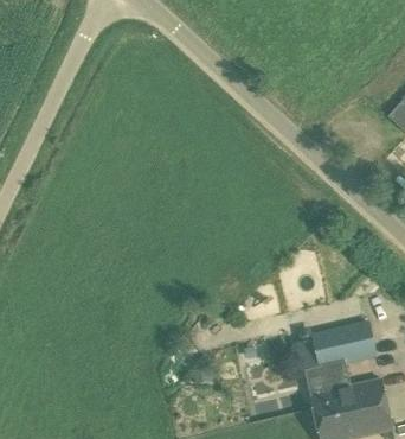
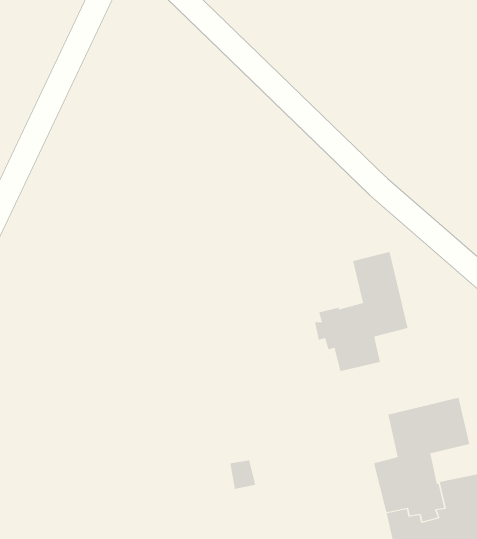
building: none -> [315,251,408,372]

